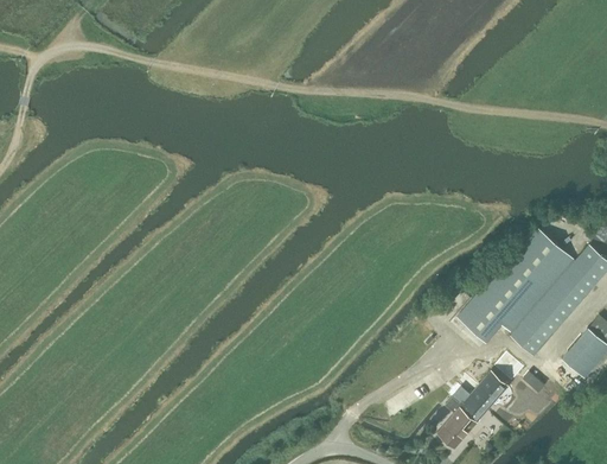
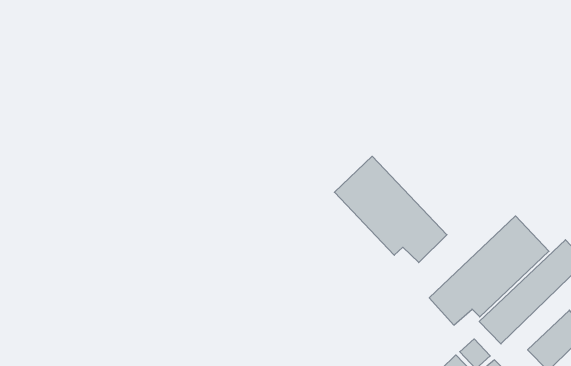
building: none -> [334,156,447,263]

